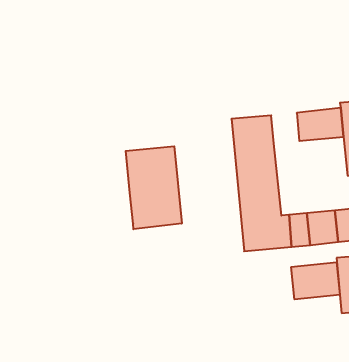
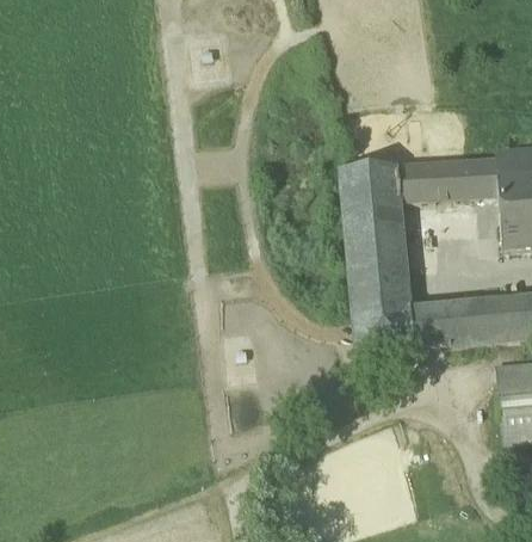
building: none -> [400,161,439,204]
building: [126,146,182,229] -> none
building: [291,262,340,299] -> none

